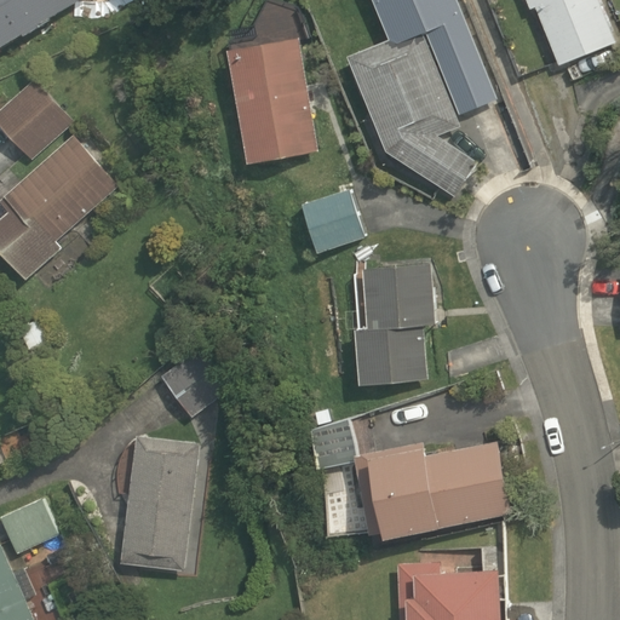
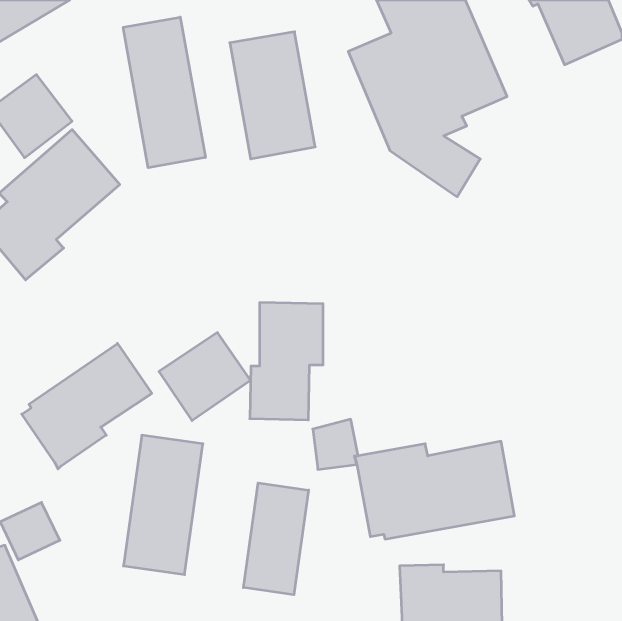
building: none -> [123,17,205,168]
building: [305,190,367,251] -> none
building: [357,264,430,380] -> [250,303,323,420]
building: none -> [22,343,152,469]
building: none -> [243,483,309,595]

